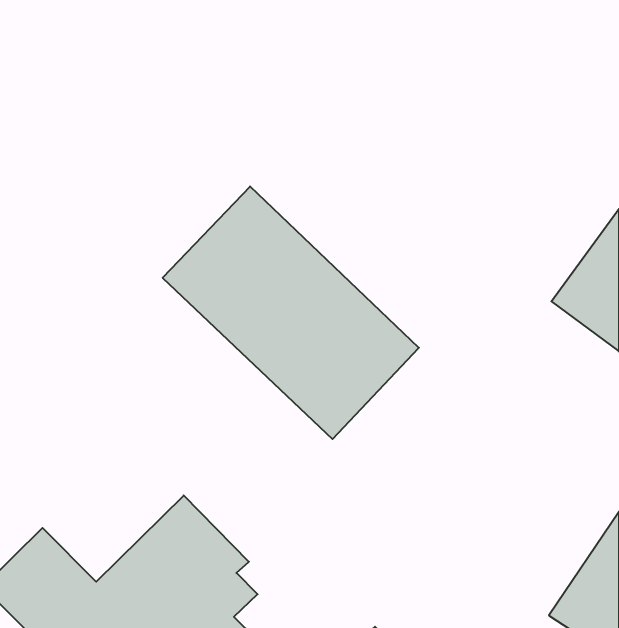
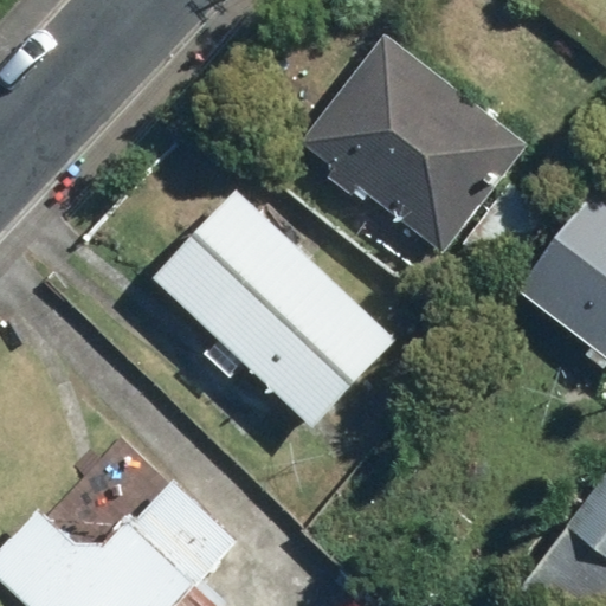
building: none -> [298,31,527,253]

